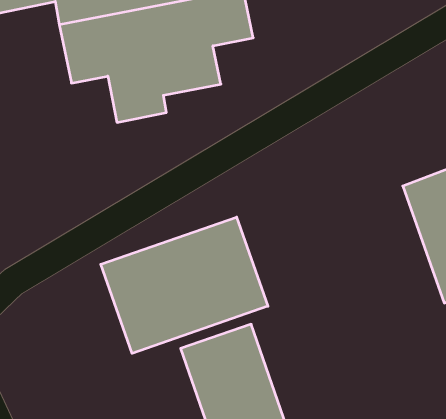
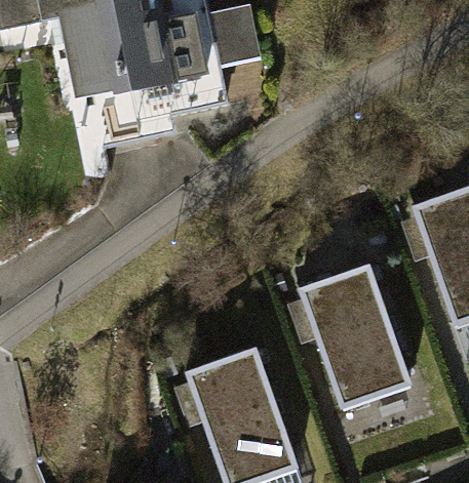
building: [101,217,268,353] -> none
building: none -> [299,265,414,410]

